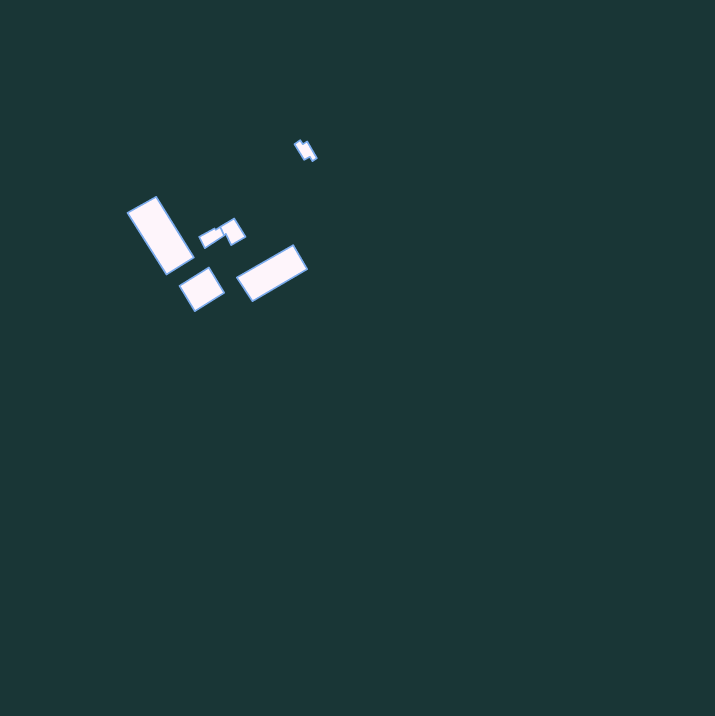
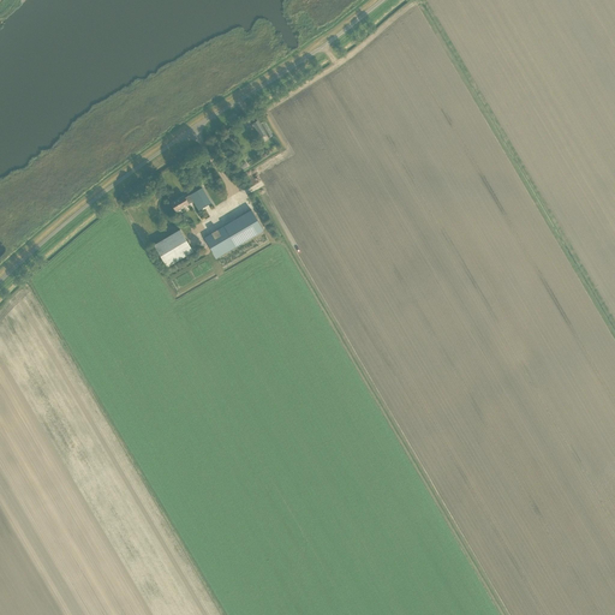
building: [127,197,194,274] -> none

